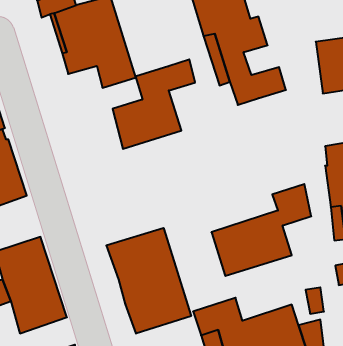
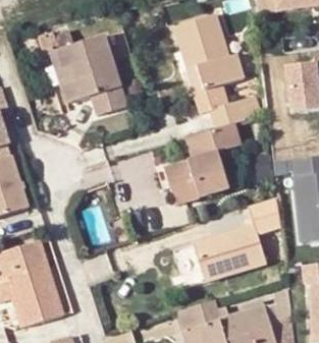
building: [113,59,195,149] -> [166,120,240,199]
building: [106,228,191,334] -> none

